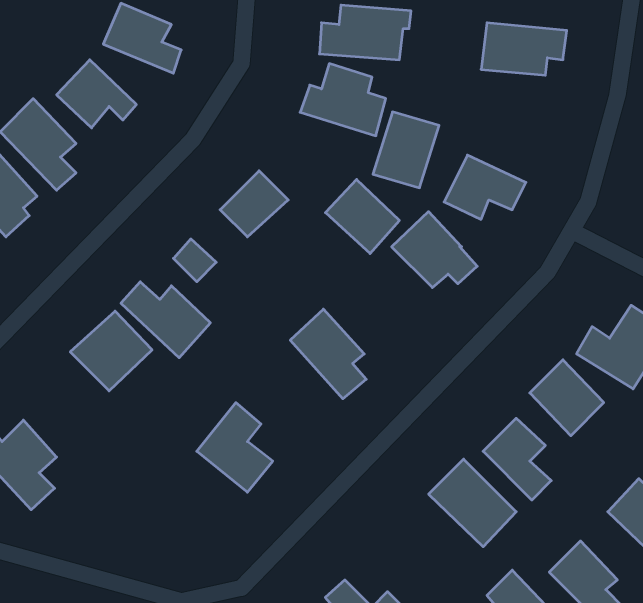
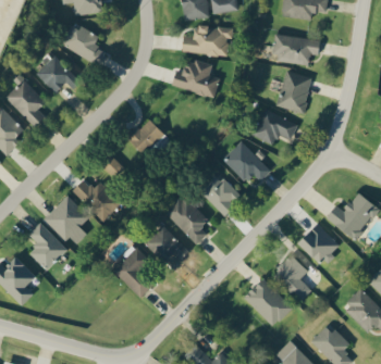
building: [373,112,439,188] -> [276,71,314,113]
building: [325,179,399,254] -> [199,173,241,214]
building: none -> [29,222,67,271]
building: none -> [144,224,183,263]

